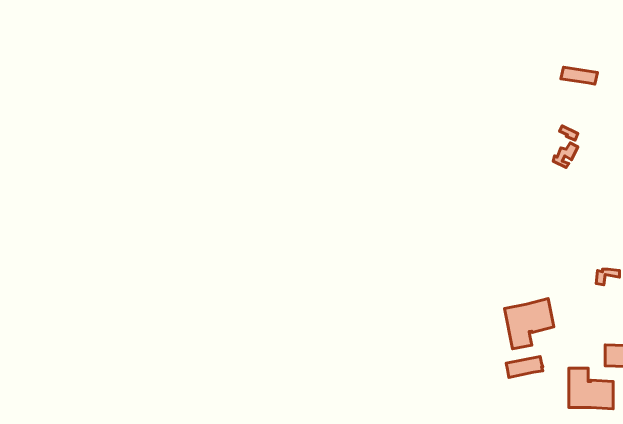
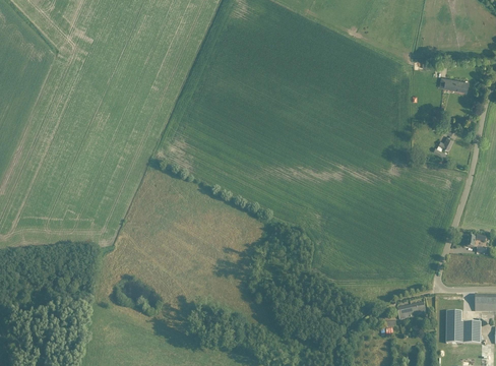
building: [505,299,554,349] -> none

